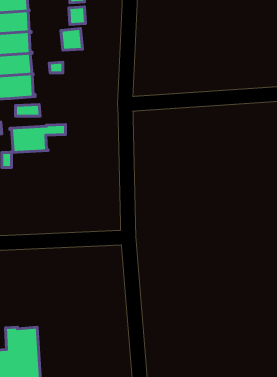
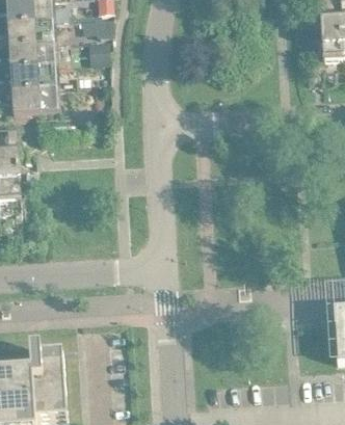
building: [10,125,66,153] -> none

